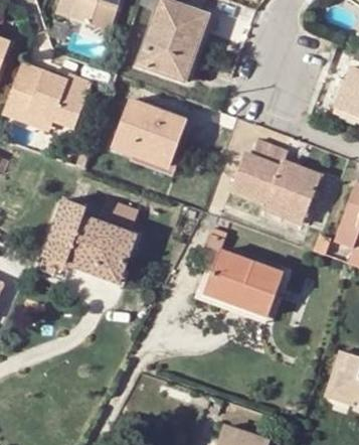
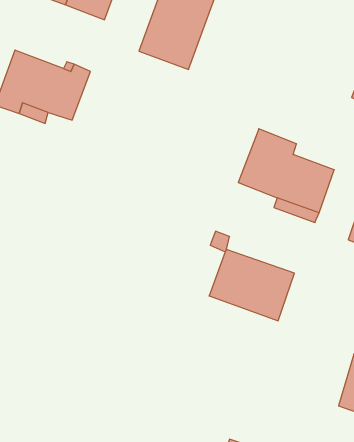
building: [114,101,186,167] -> none
building: [43,197,138,283] -> none

